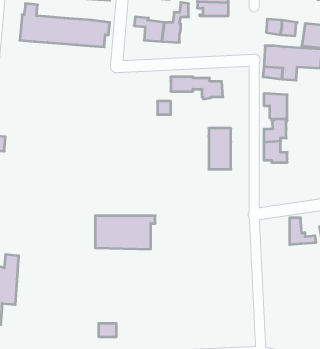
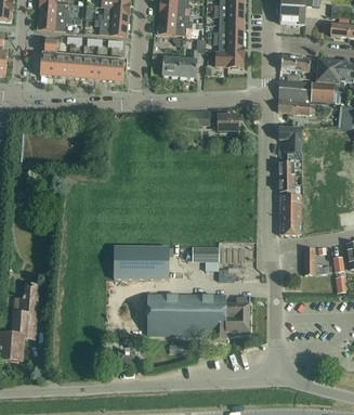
building: none -> [215,51,244,67]
building: [209,128,231,169] -> [279,194,301,234]
building: none -> [193,246,219,269]
building: none -> [146,294,249,338]

